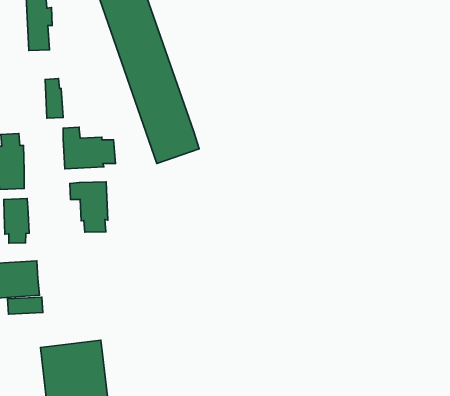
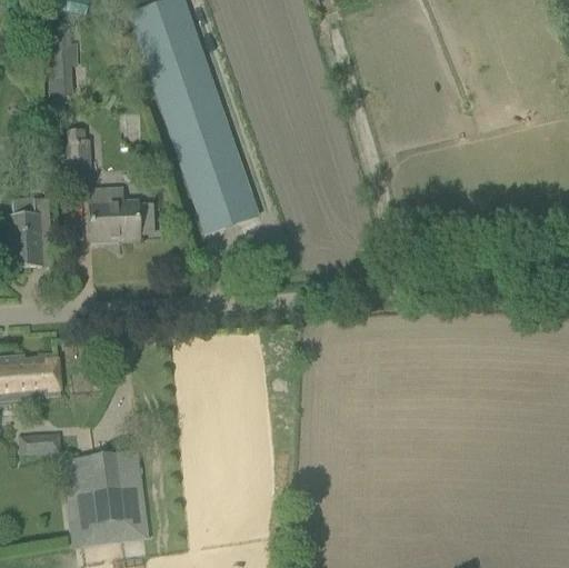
building: [70,182,108,232] -> none
building: [4,199,29,243] -> none
building: [8,297,43,314] -> [19,431,62,452]

